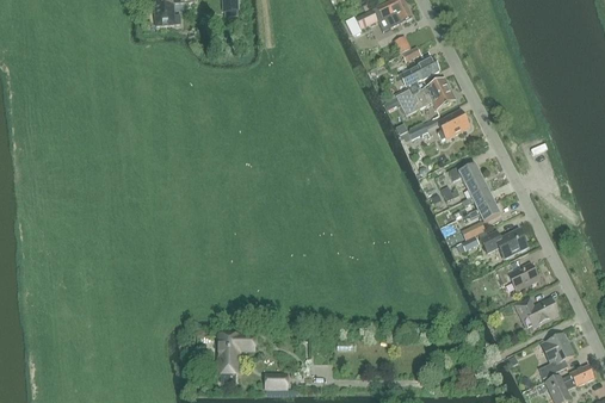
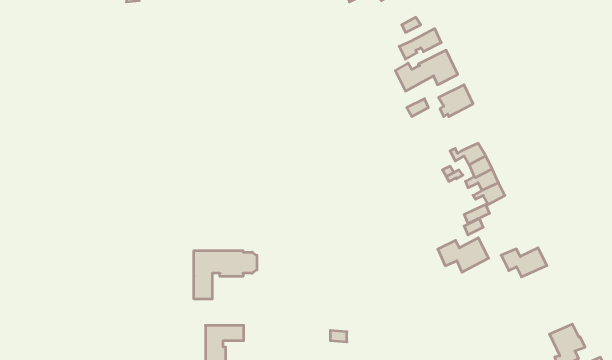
building: [480,228,527,260] -> [438,238,489,272]
building: none -> [194,251,257,299]
building: [513,297,561,329] -> none

